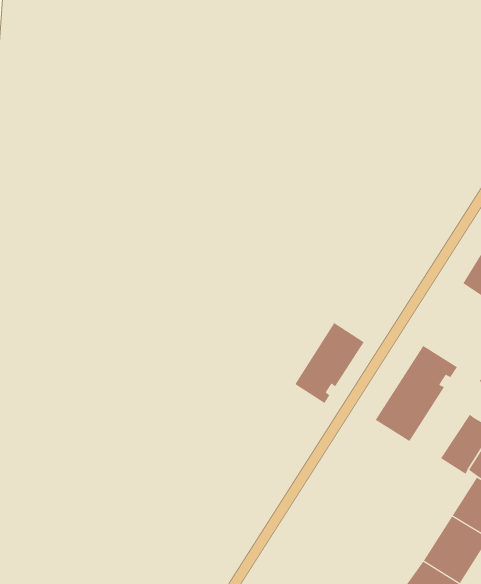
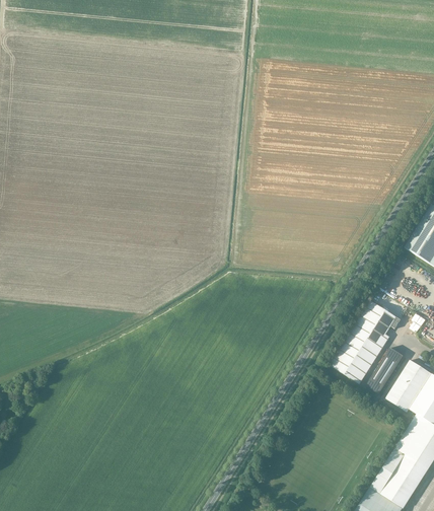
building: [294,322,364,404] -> none
building: none -> [369,348,406,394]

